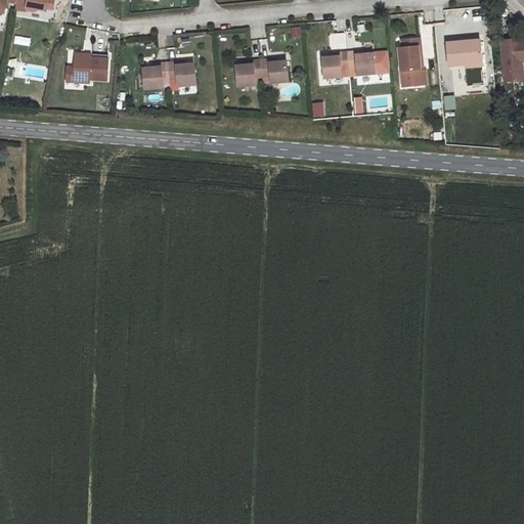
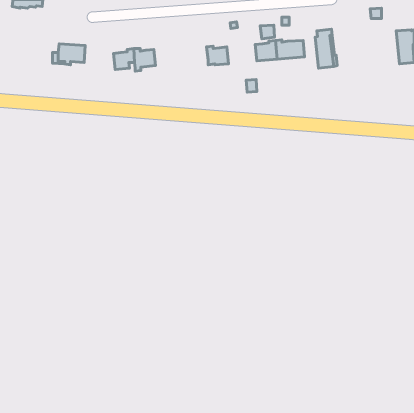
building: [447,39,482,66] -> none
building: [236,59,263,85] -> none

